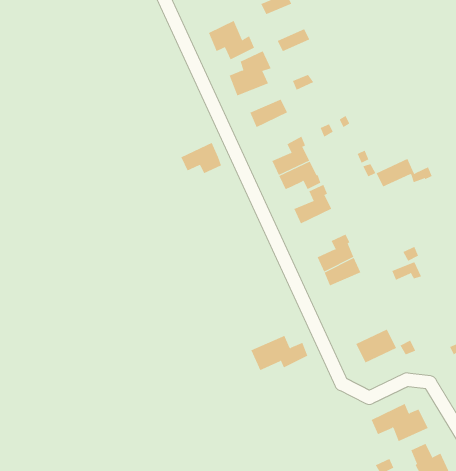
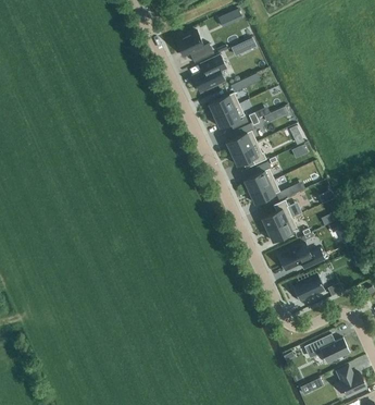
building: [180,142,222,174] -> [214,103,247,128]
building: [376,158,433,187] -> [249,180,293,202]
building: [250,335,308,371] -> [277,242,323,270]

